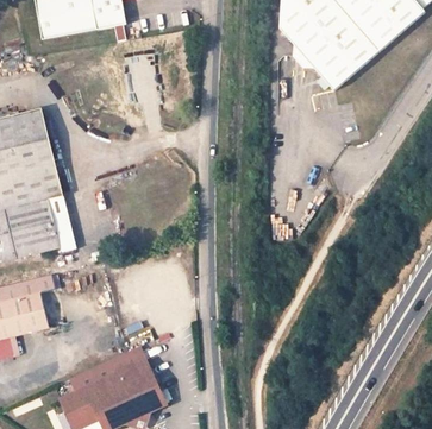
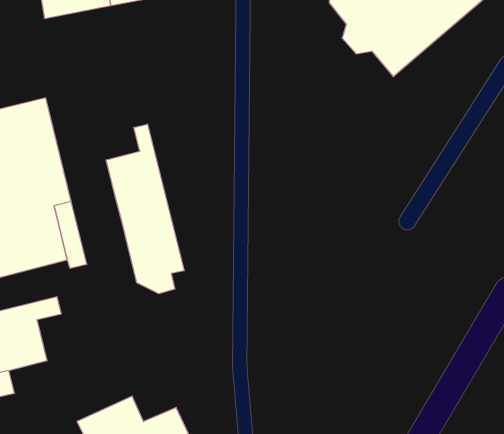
building: none -> [106,124,184,294]
building: [114,346,151,379] -> none

